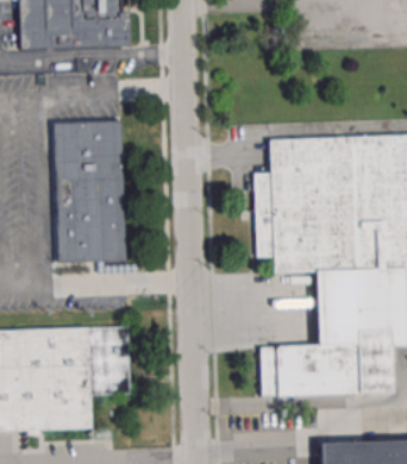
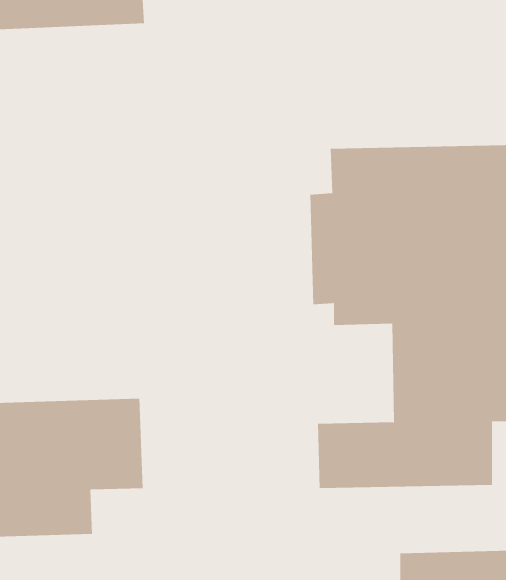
building: [55,121,126,263] -> none

